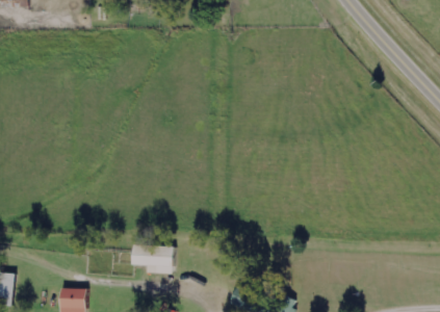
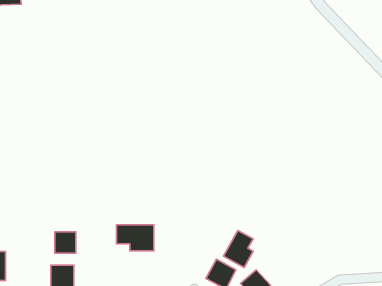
building: none -> [224,230,253,268]
building: none -> [55,232,76,253]

